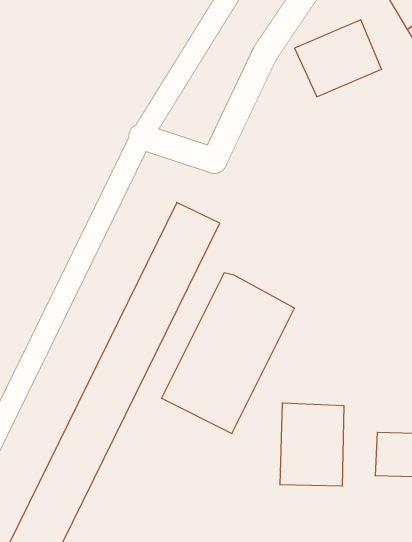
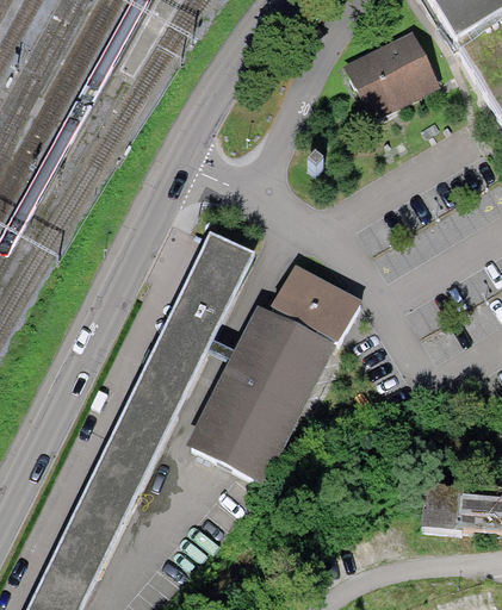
building: none -> [272,261,364,344]
building: [280,403,344,486] -> none

